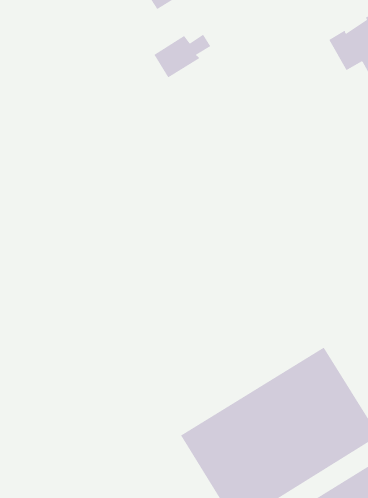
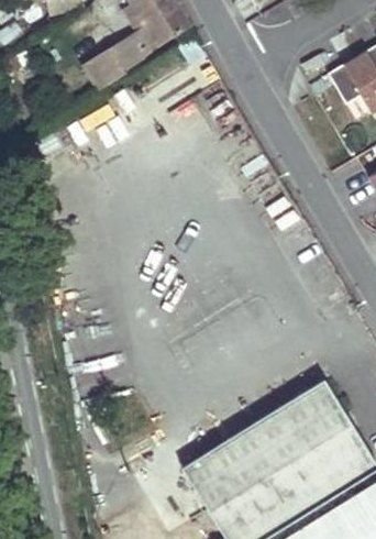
building: [154,34,211,78] -> [81,45,139,89]

